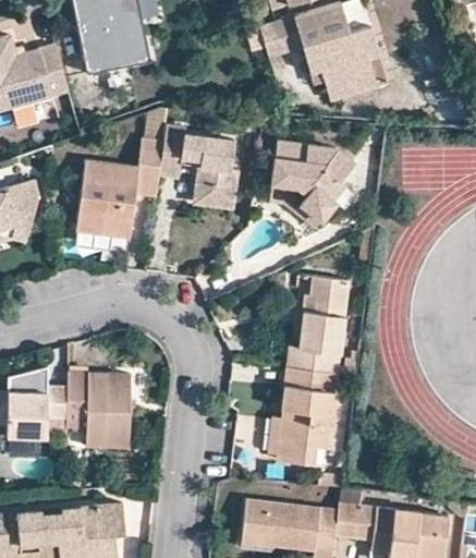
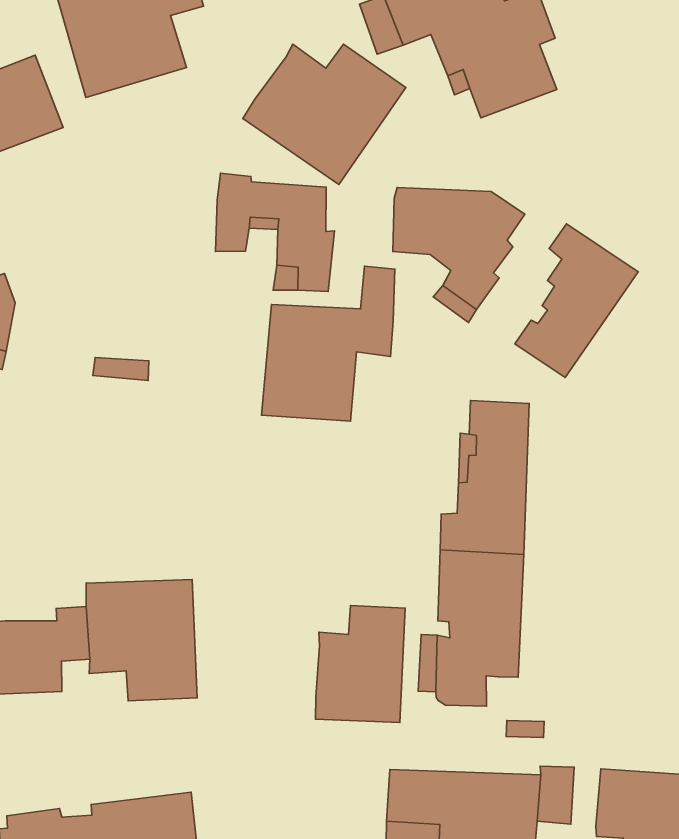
building: none -> [243,44,406,185]
building: [76,140,164,234] -> [262,266,395,421]
building: none -> [515,224,638,378]
building: none -> [316,606,405,723]

